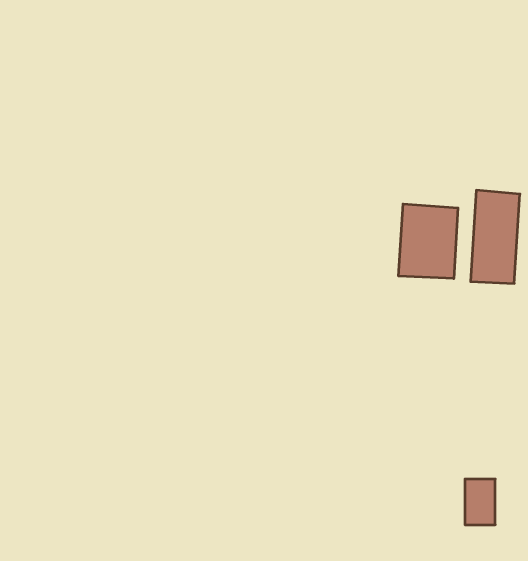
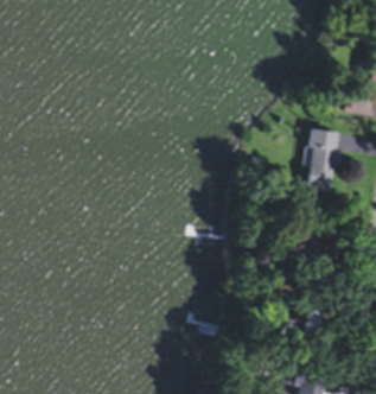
building: [399,204,458,279] -> none

